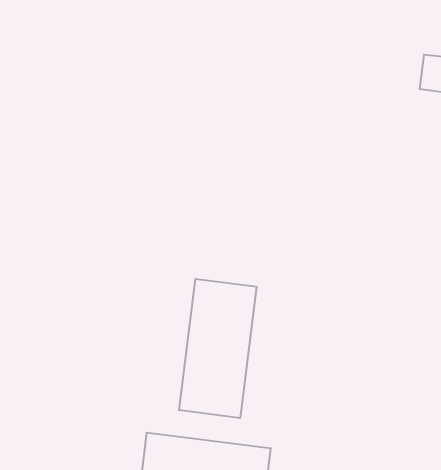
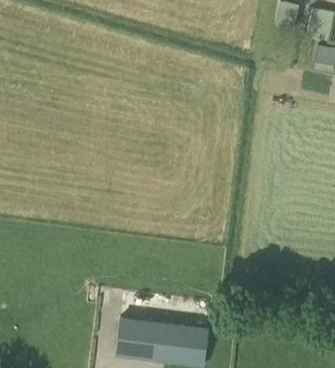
building: [179,279,257,418] -> none

